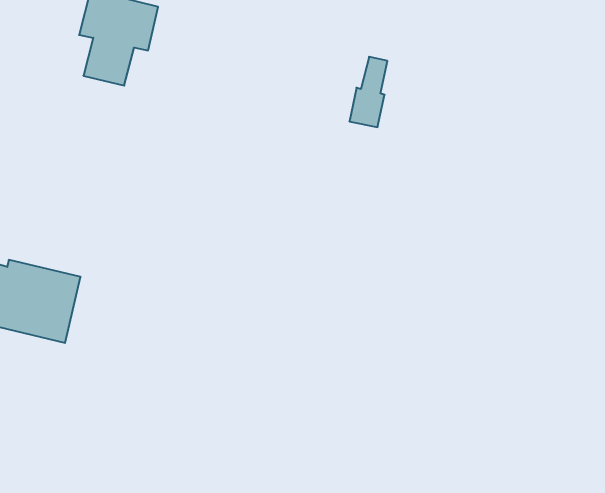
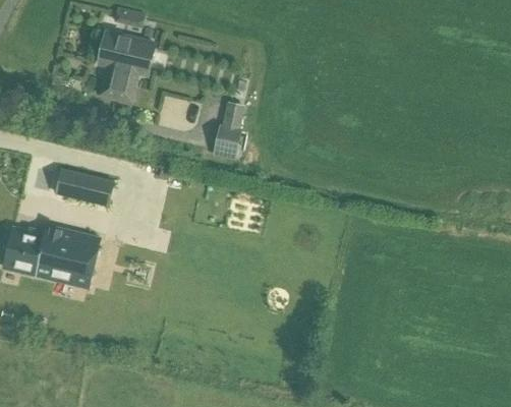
building: [349,57,387,127] -> [214,102,241,153]
building: none -> [55,168,112,204]

